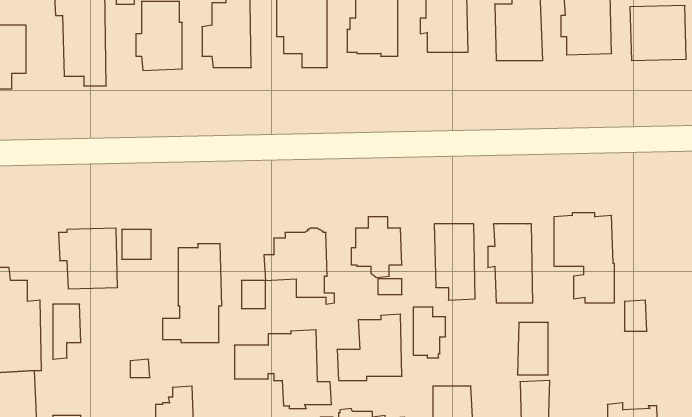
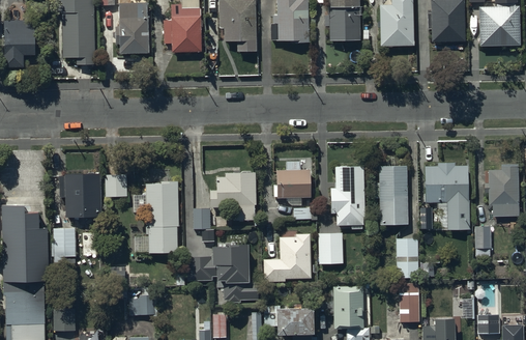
building: none -> [484,161,518,213]

